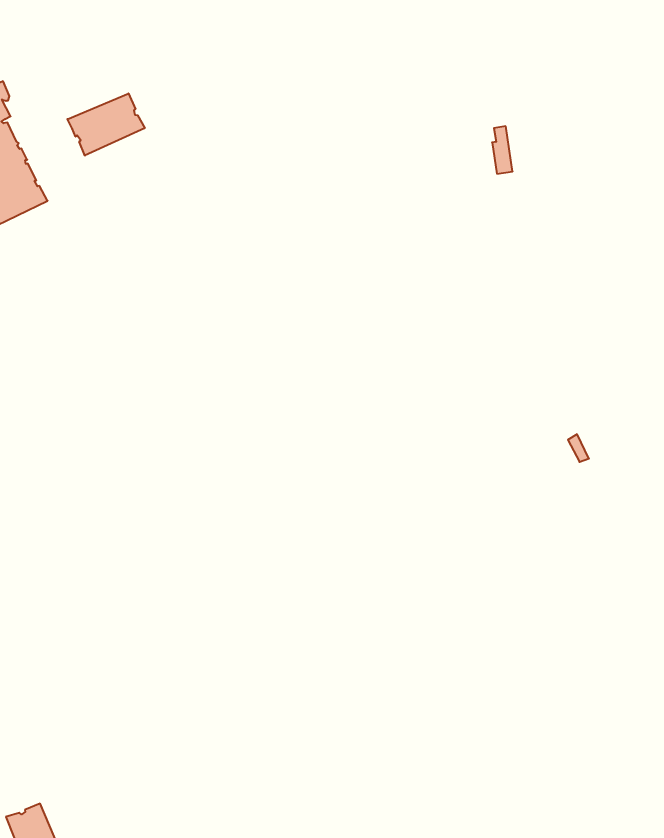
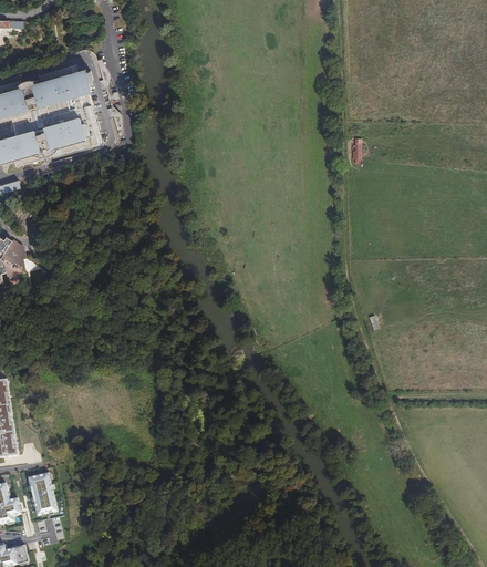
building: [67,93,145,156] -> none

